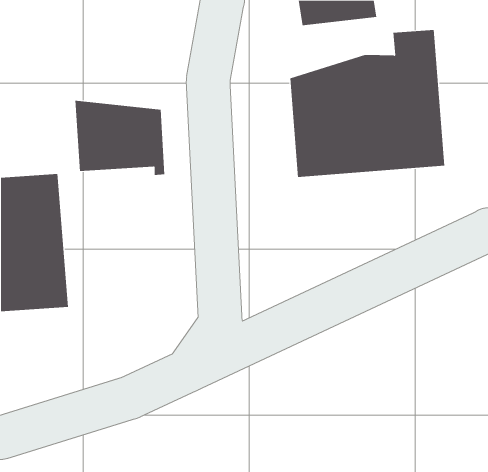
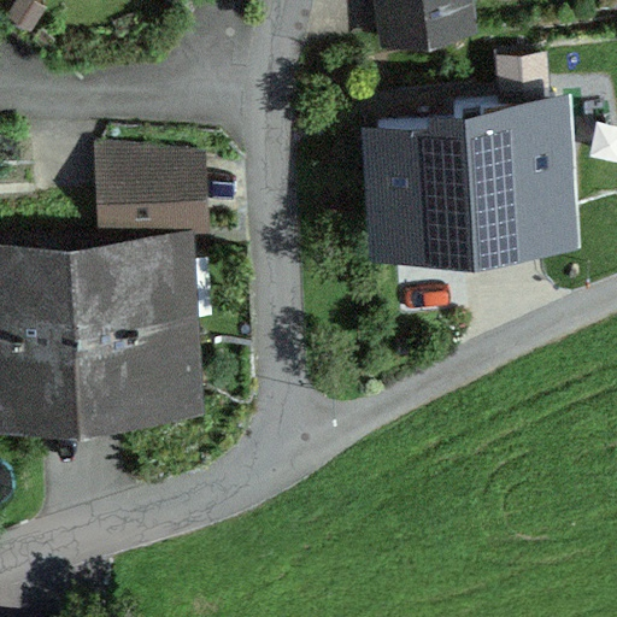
building: none -> [74,230,206,407]

